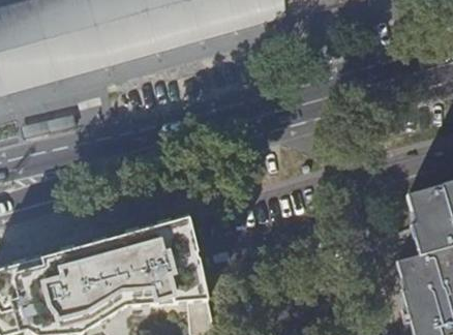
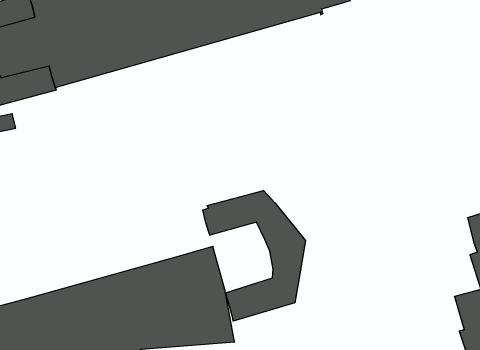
building: none -> [203,190,306,321]

